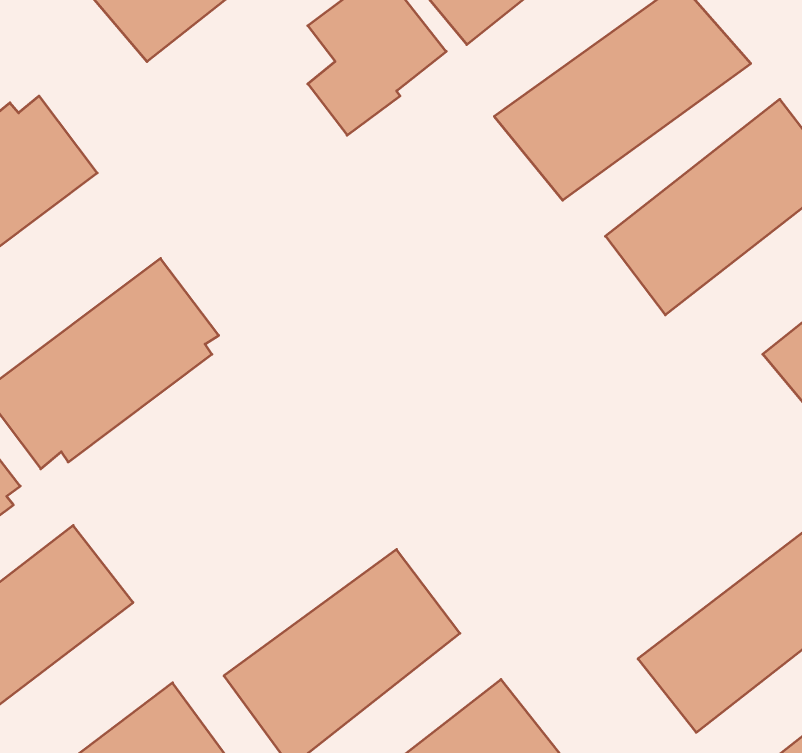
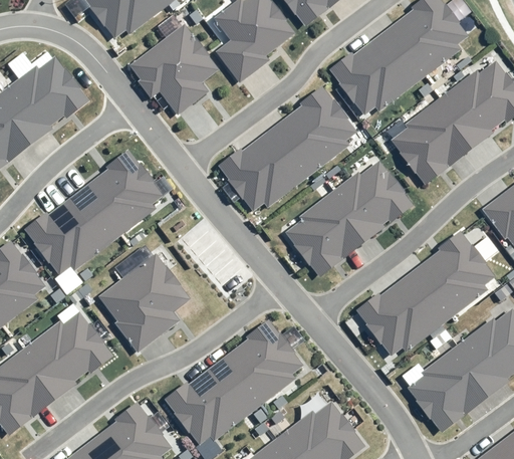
building: none -> [131,25,219,112]
building: none -> [223,89,356,212]
building: none -> [279,159,408,272]
building: none -> [355,233,498,357]
building: none -> [94,254,191,352]

